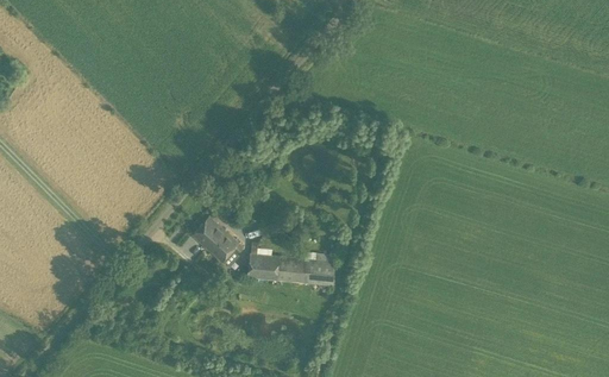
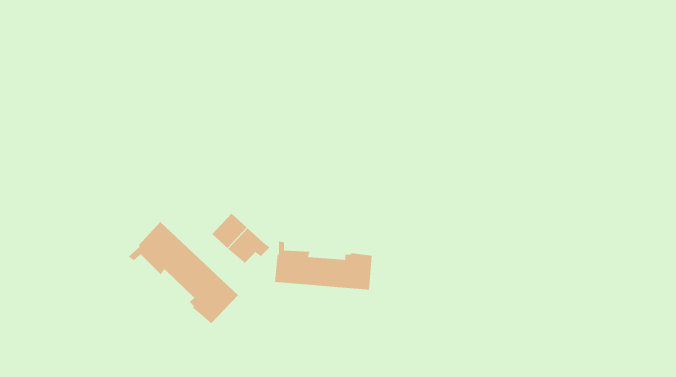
building: none -> [128,221,239,324]

